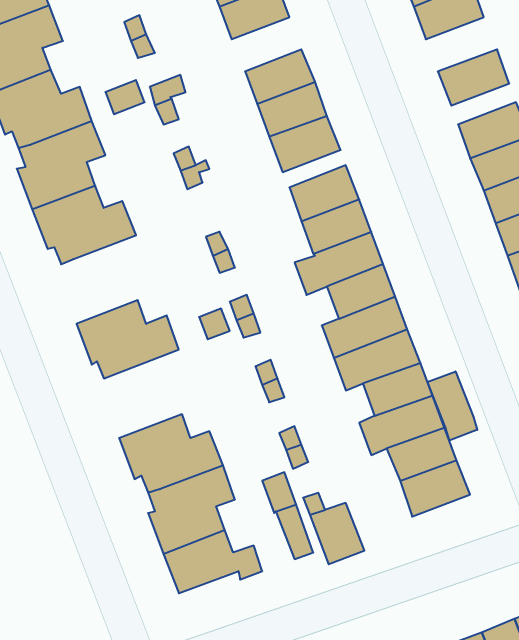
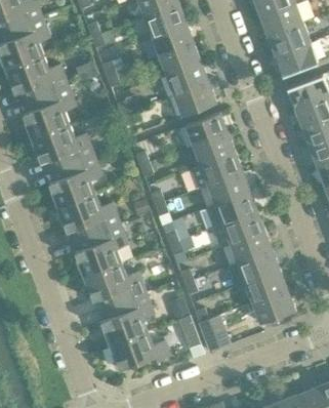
building: none -> [151,23,193,55]
building: none -> [268,23,311,55]
building: none -> [48,154,100,207]
building: none -> [74,222,127,276]
building: [428,371,477,440] -> none

